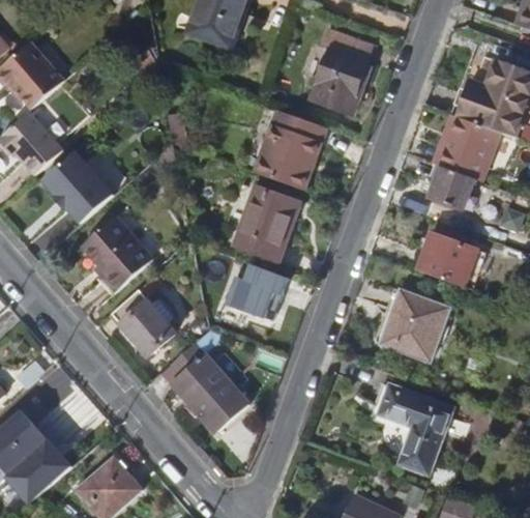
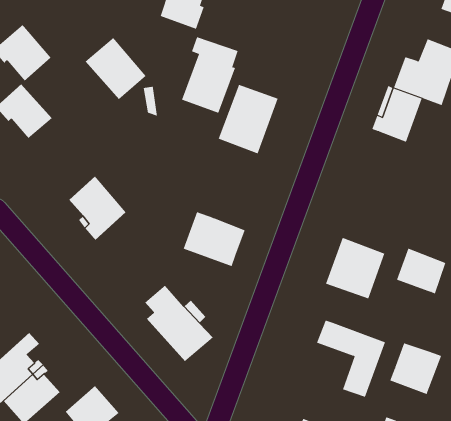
building: [308,25,375,114] -> [181,36,238,113]
building: [42,151,114,224] -> [85,37,147,100]
building: [431,166,474,207] -> none
building: [233,188,299,263] -> none
building: [416,233,474,287] -> [396,248,446,294]
building: [112,288,178,355] -> none
building: none -> [390,342,442,395]

